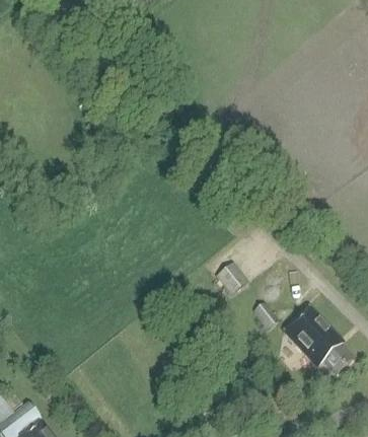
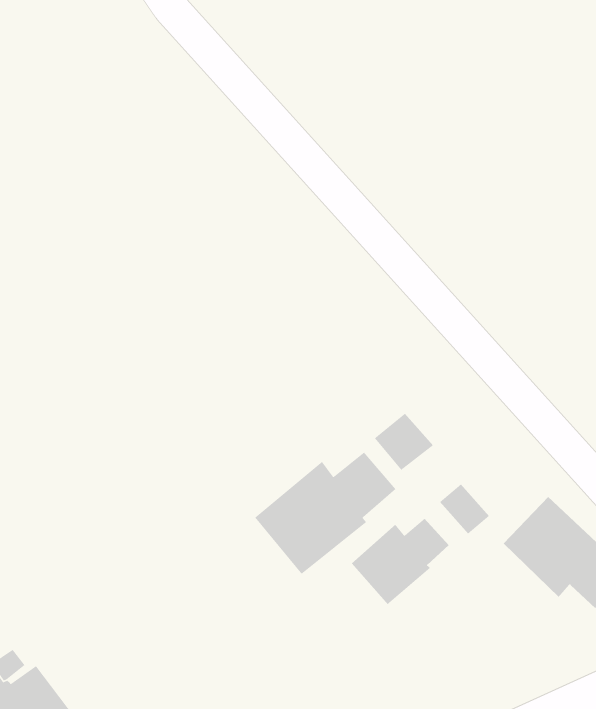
building: none -> [254,452,396,575]
building: none -> [351,518,450,605]

